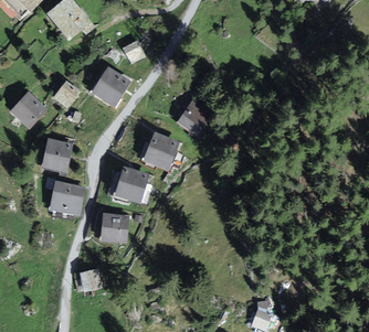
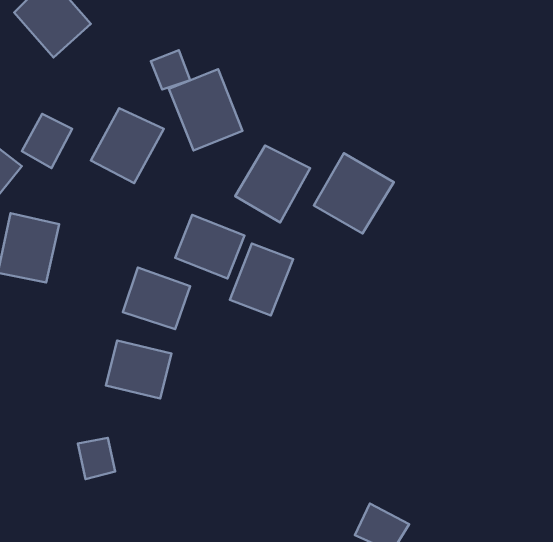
building: none -> [169,69,243,150]
building: none -> [314,153,394,233]
building: none -> [230,244,293,316]
building: [50,178,85,217] -> none

